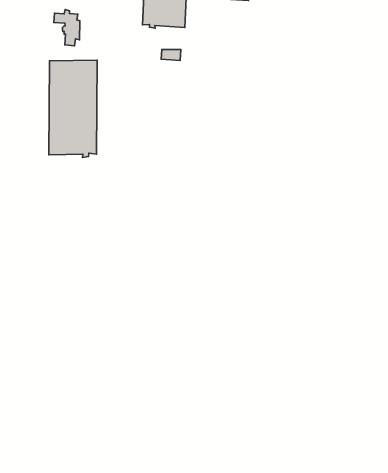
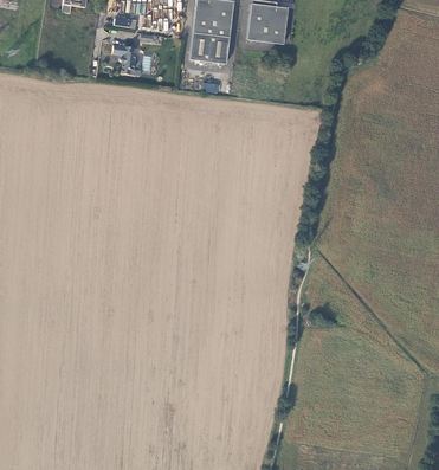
building: [49,60,97,157] -> none

